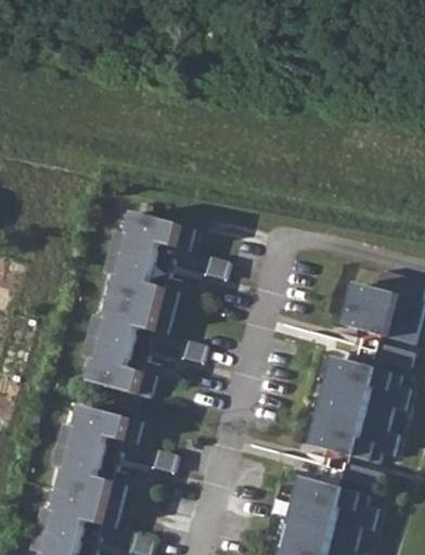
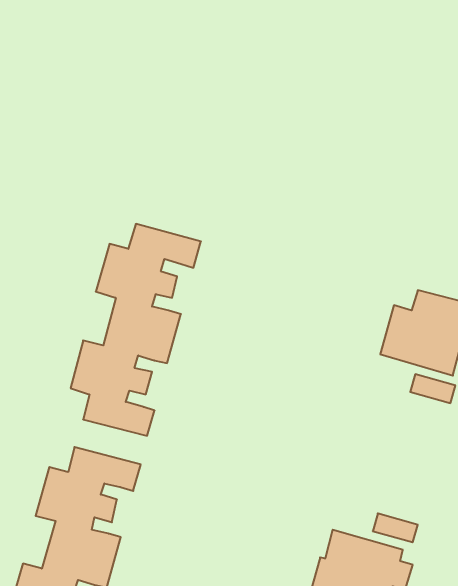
building: [313,359,407,464] -> none

